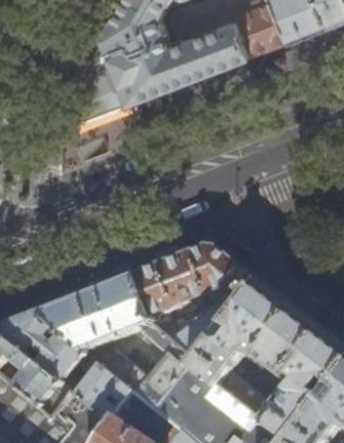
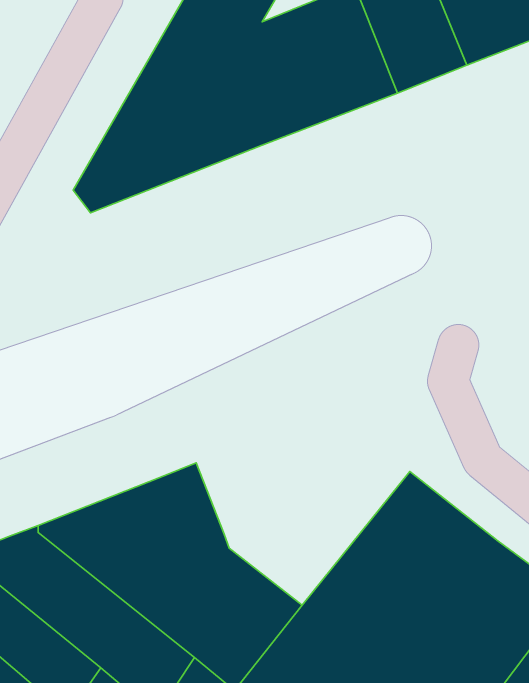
building: [131,246,258,359] -> none

